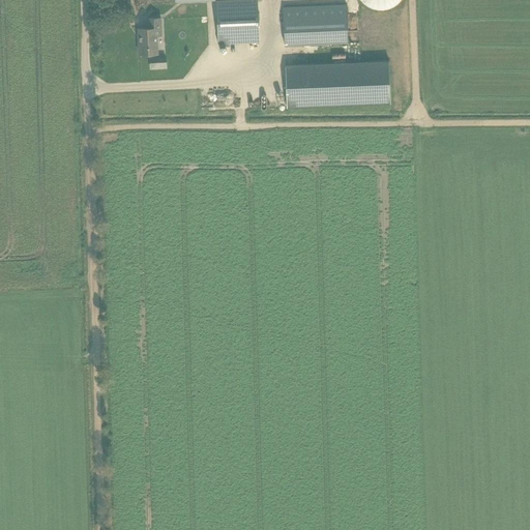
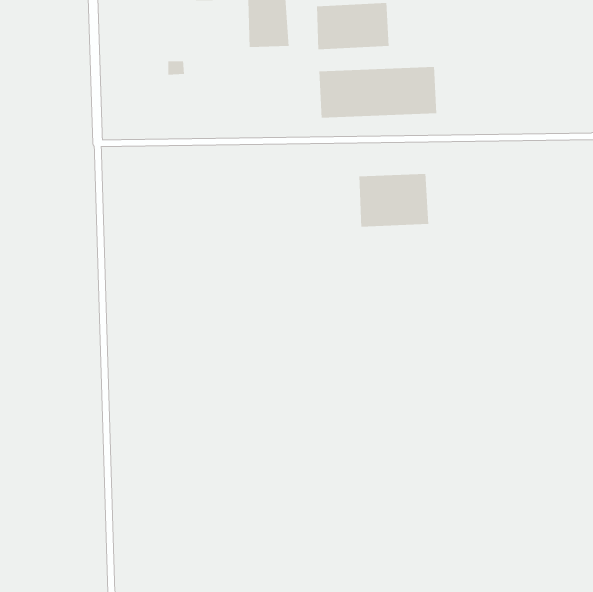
building: [137,14,163,52] -> none
building: none -> [358,173,429,227]

